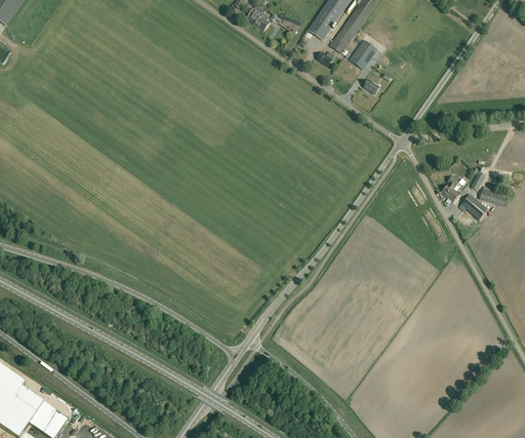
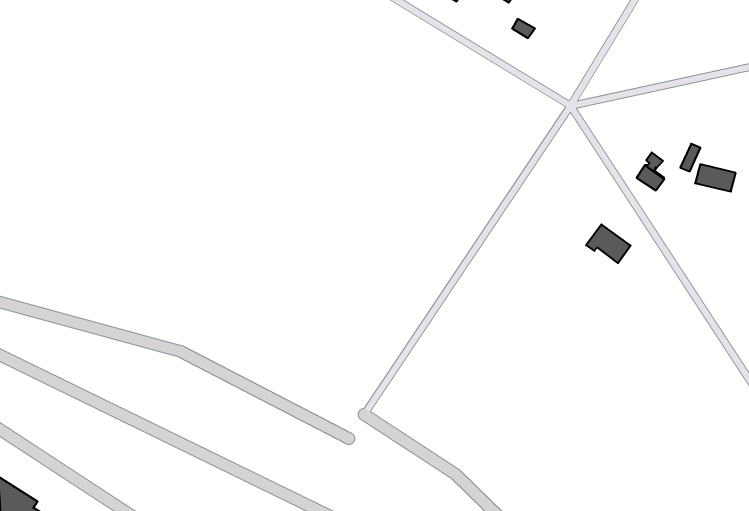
building: [458,193,488,220] -> [586,224,631,263]

